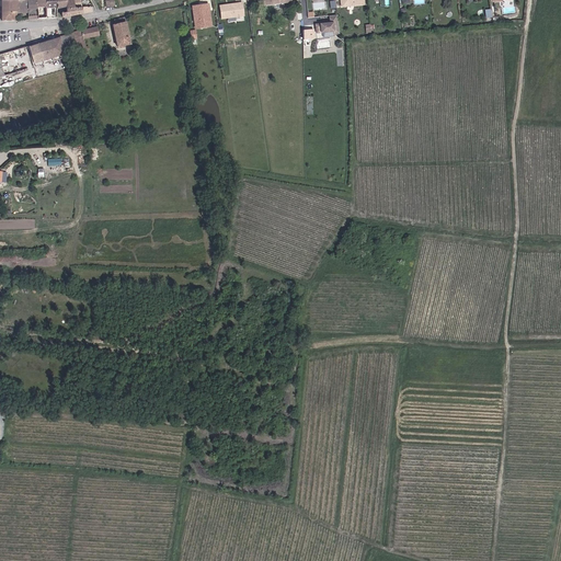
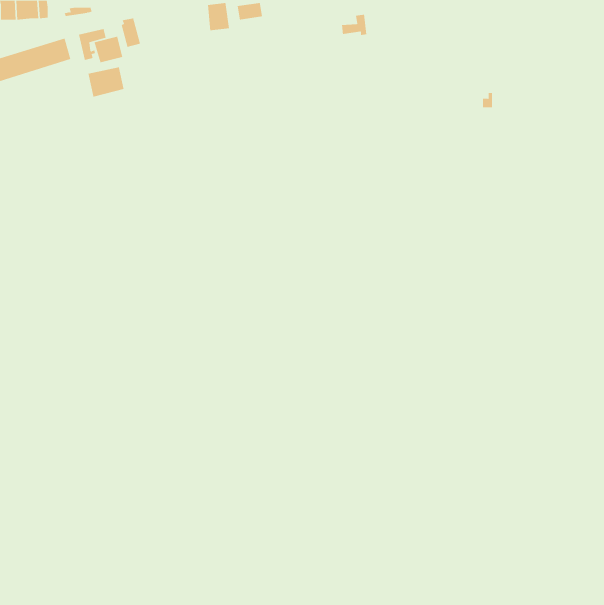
building: none -> [94,36,123,63]
building: none -> [88,67,124,97]

